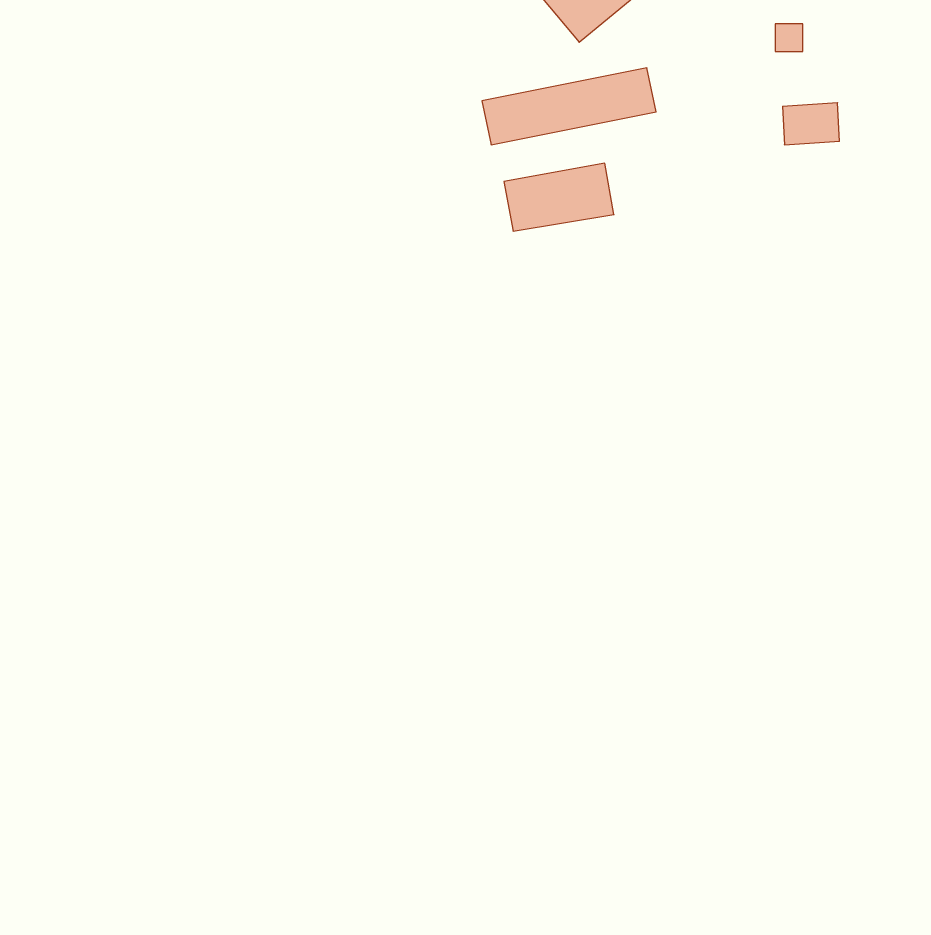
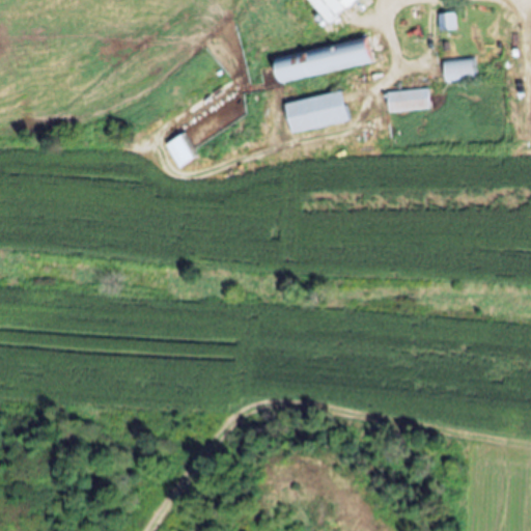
building: none -> [386,88,429,112]
building: none -> [166,133,197,166]

